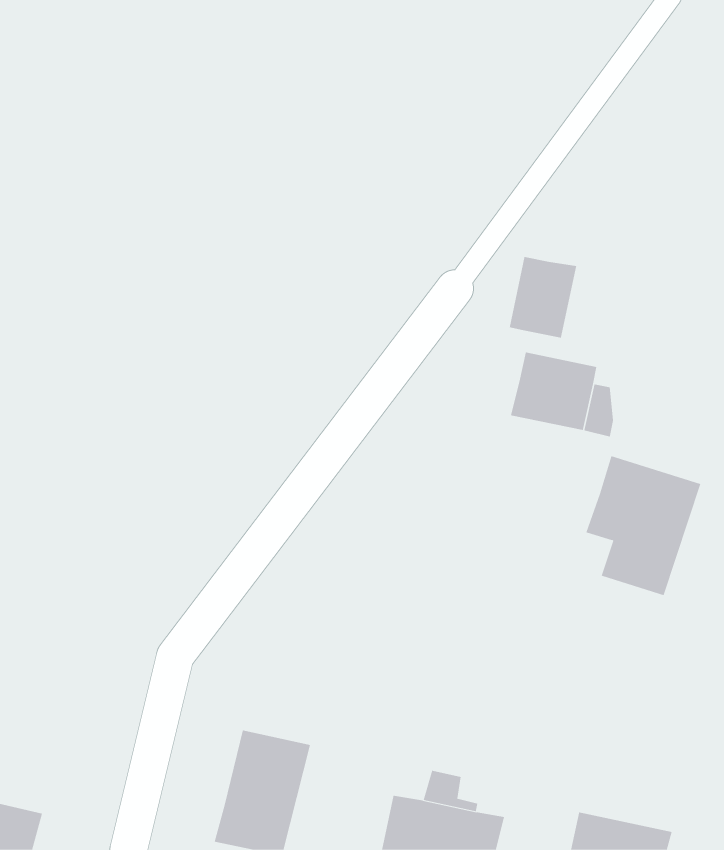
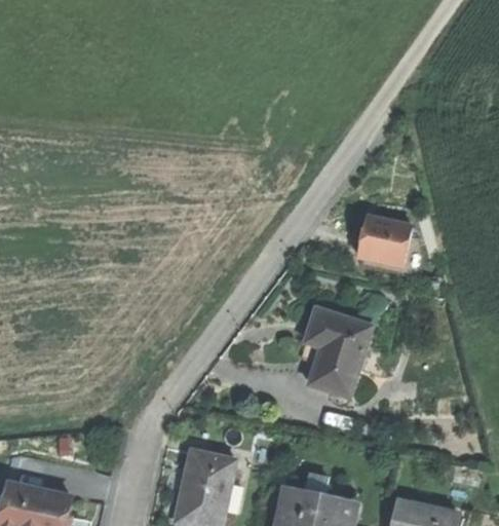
building: [509,256,577,339] -> none
building: [586,455,701,596] -> [300,312,371,399]

